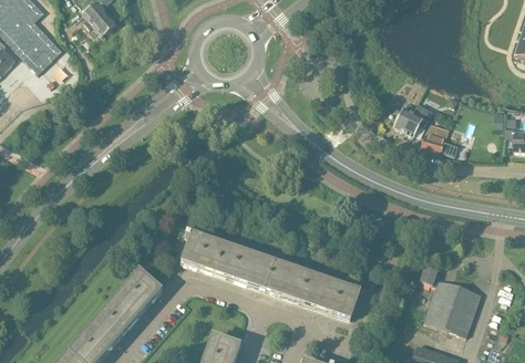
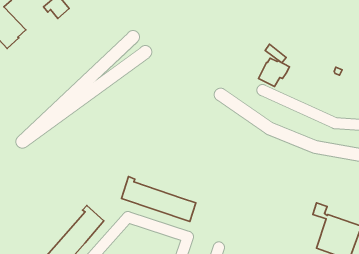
building: [393,98,432,134] -> [259,58,290,86]
building: [421,121,449,151] -> none
building: [267,263,361,315] -> none

